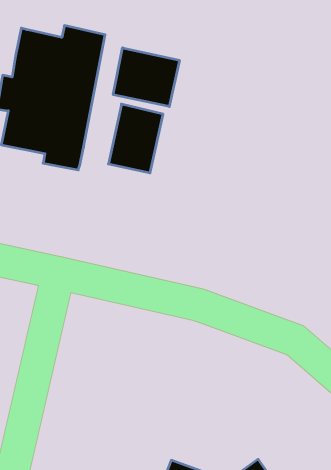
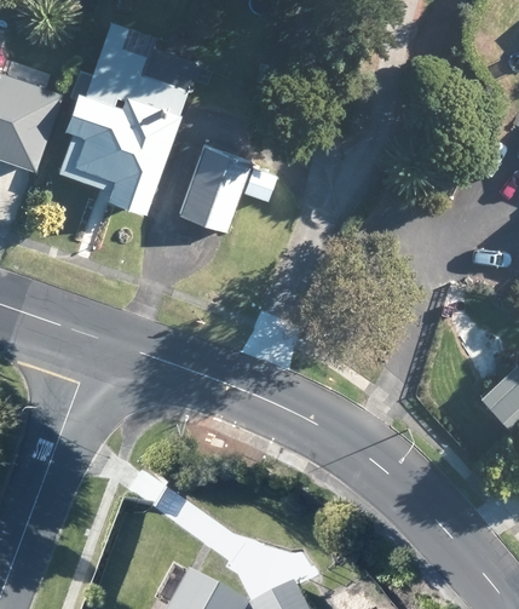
building: [113,48,179,107] -> none

